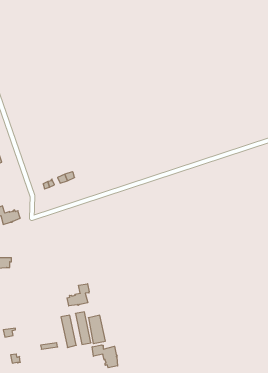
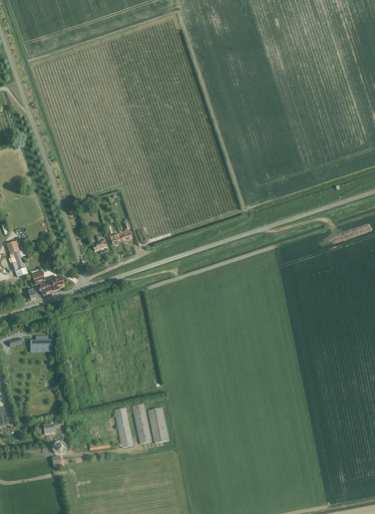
building: [67,284,89,306] -> none
building: [92,345,118,368] -> none

